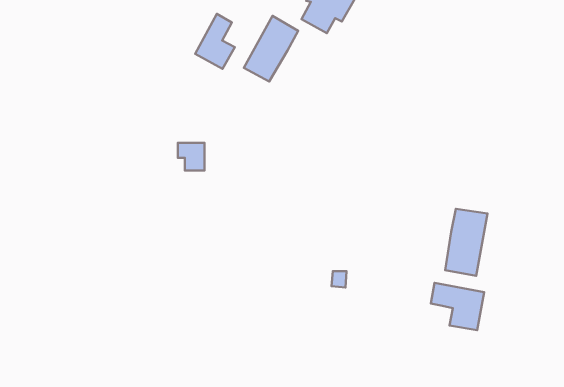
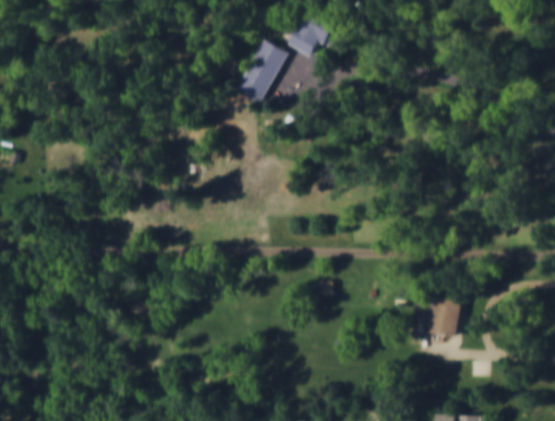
building: [195,14,235,69] -> none
building: [445,209,487,276] -> none

